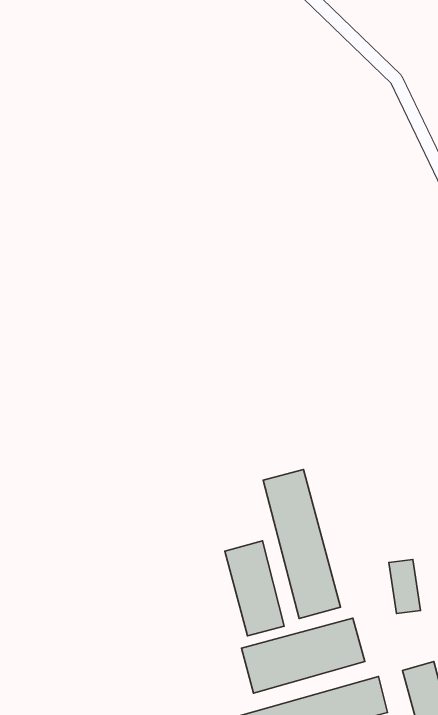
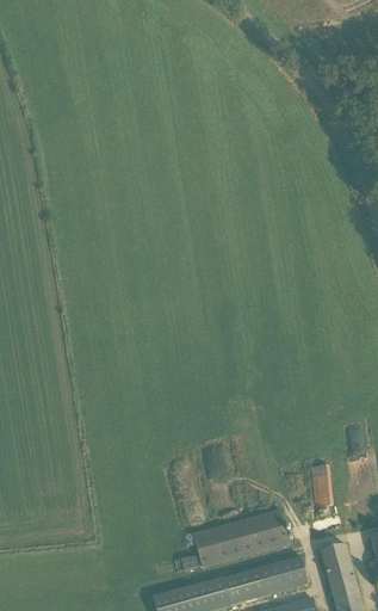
building: [263,470,341,619] -> none
building: [225,541,284,636] -> none

